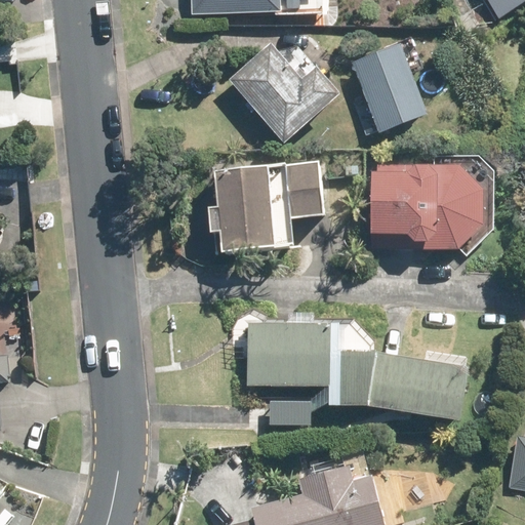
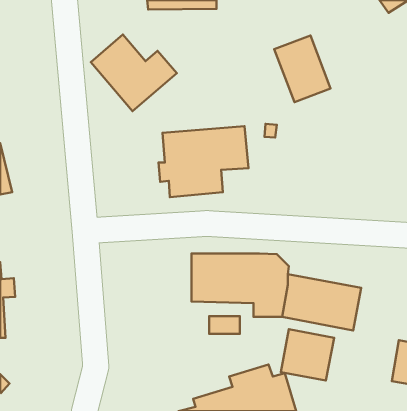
building: [230,44,339,142] -> [91,35,177,111]
building: [369,160,490,249] -> none
building: none -> [281,329,334,381]

